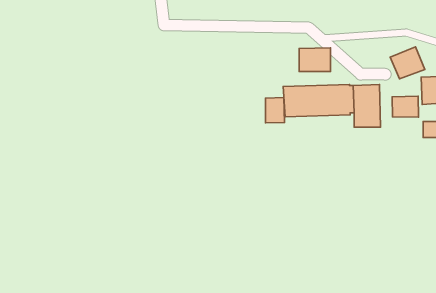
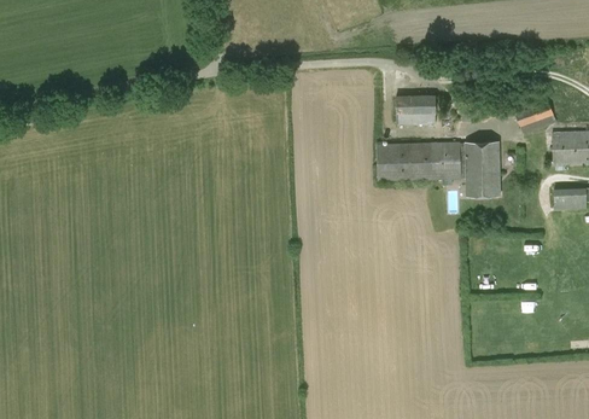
building: [392,96,419,117] -> none
building: [265,98,285,123] -> none

